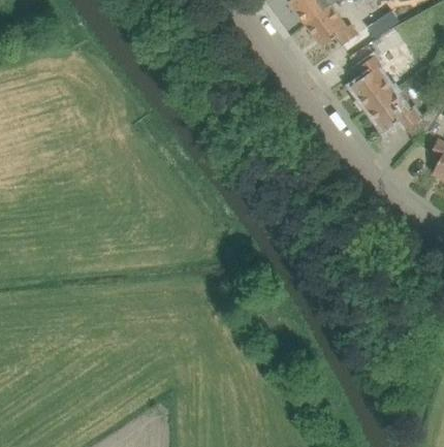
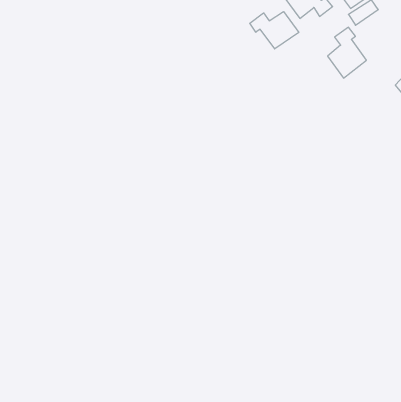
building: none -> [250,12,299,49]
building: [370,90,420,131] -> none

